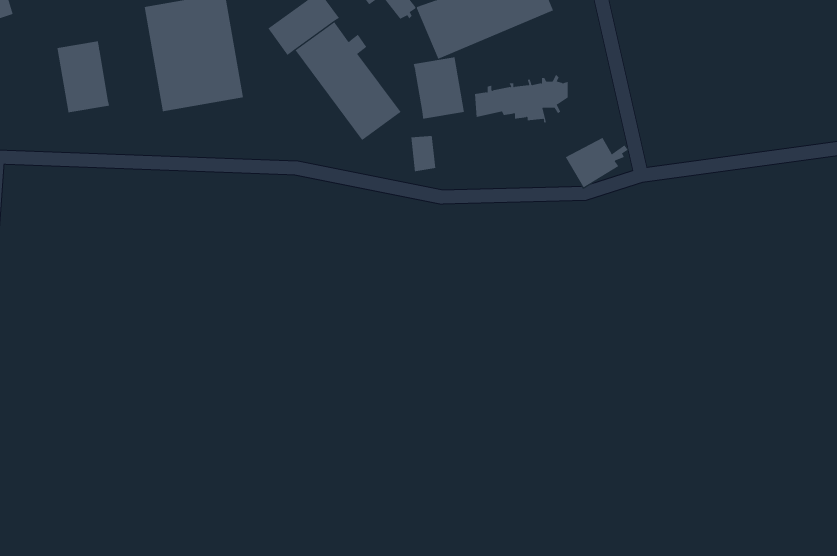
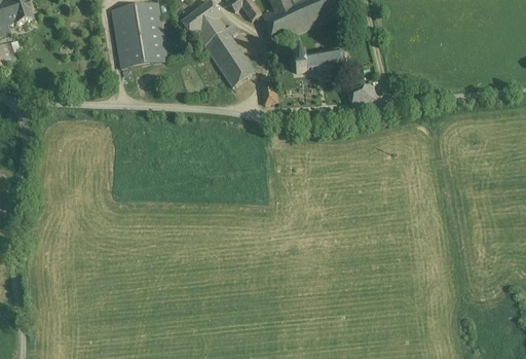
building: [57,40,110,113] -> none
building: [413,57,464,119] -> none

